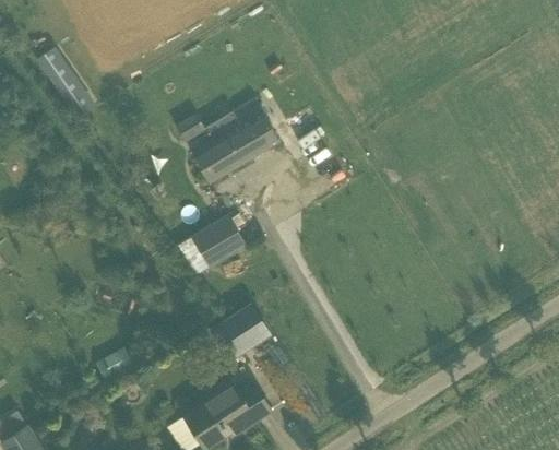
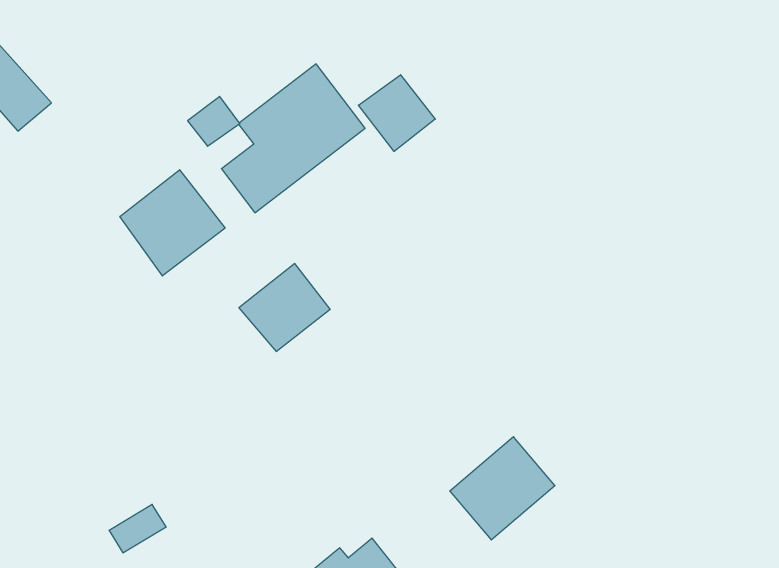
building: none -> [358,75,435,151]
building: none -> [120,170,225,276]
building: [207,305,270,364] -> [450,437,555,540]

